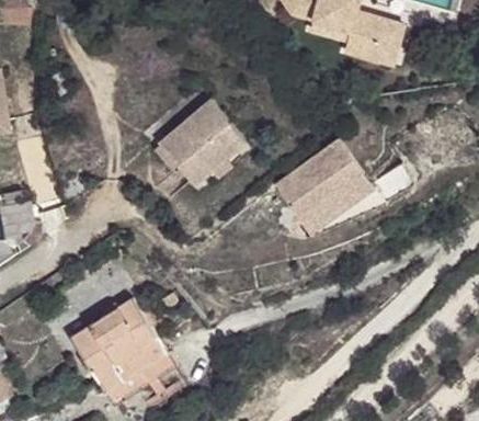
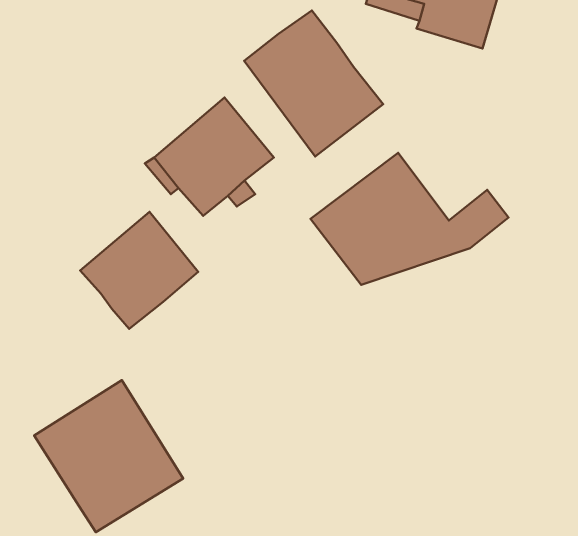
building: none -> [244,11,383,156]
building: none -> [80,212,198,329]

